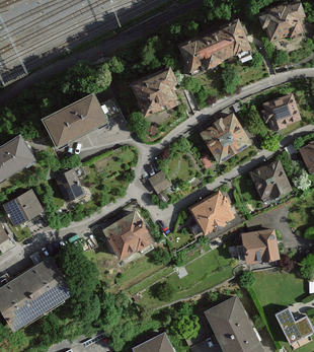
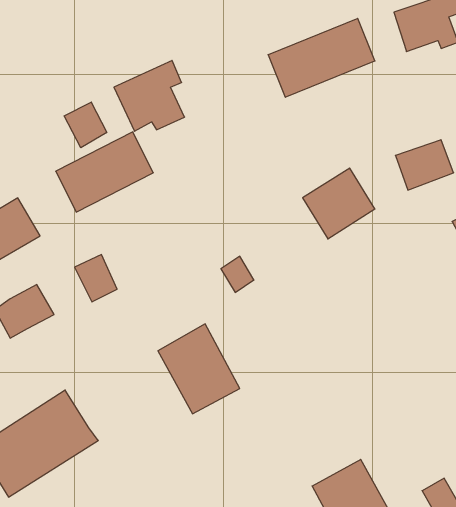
building: [131,67,176,113] -> [114,60,185,131]
building: none -> [64,102,107,148]
building: [250,159,292,202] -> none
building: [188,192,235,236] -> none
building: [239,229,279,264] -> none

